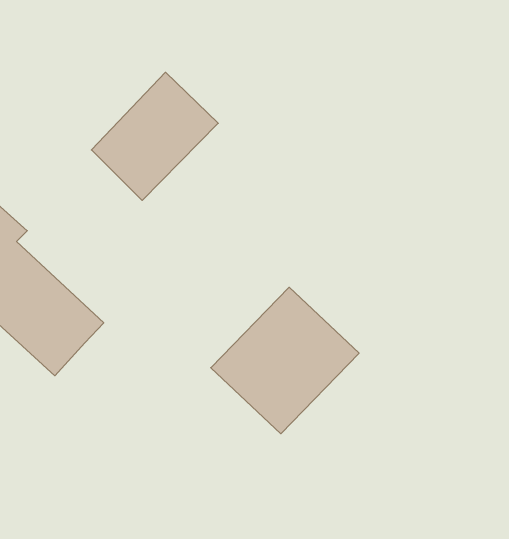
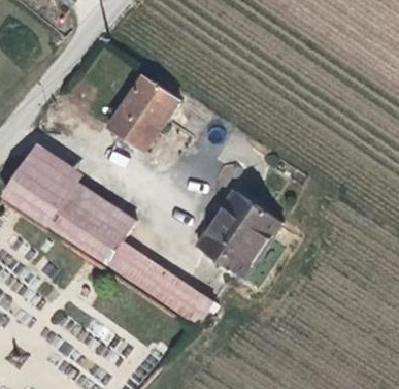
building: none -> [105,239,210,322]

